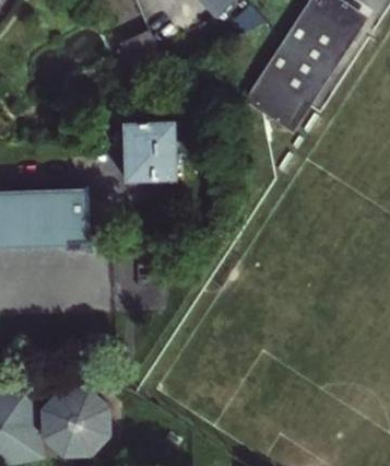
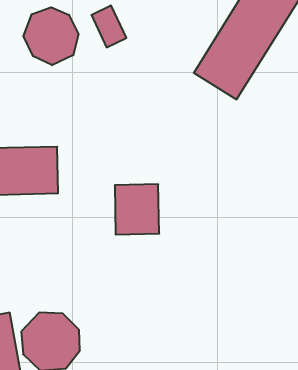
building: none -> [24,7,79,65]
building: [125,125,176,183] -> [115,184,159,235]

